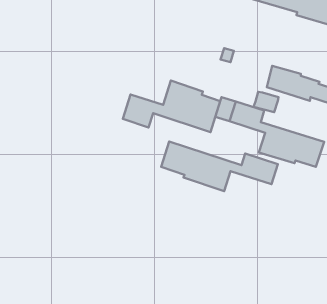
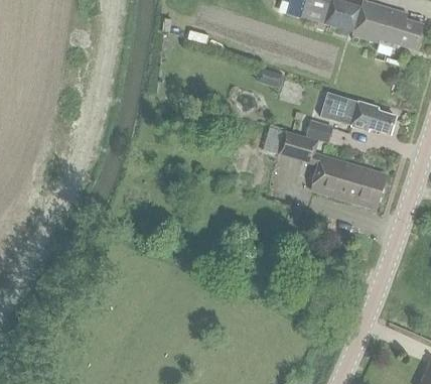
building: [123,80,220,132] -> none
building: [161,141,278,191] -> none

